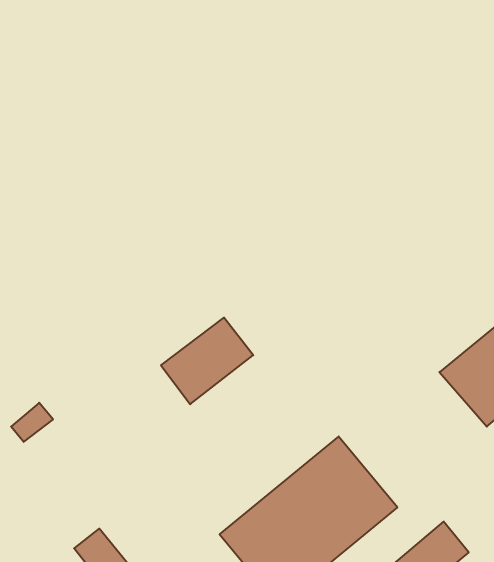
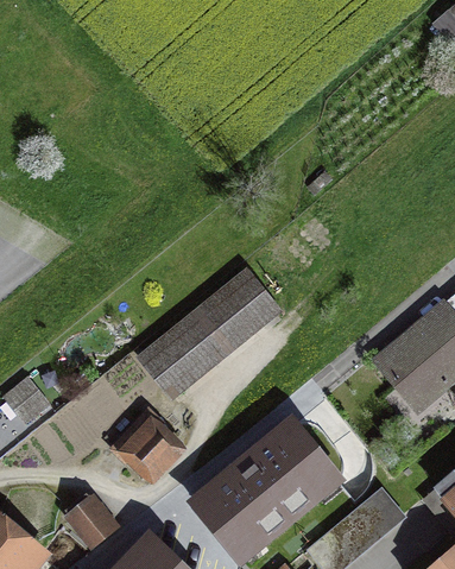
building: none -> [195,277,274,349]
building: none -> [113,411,171,469]

